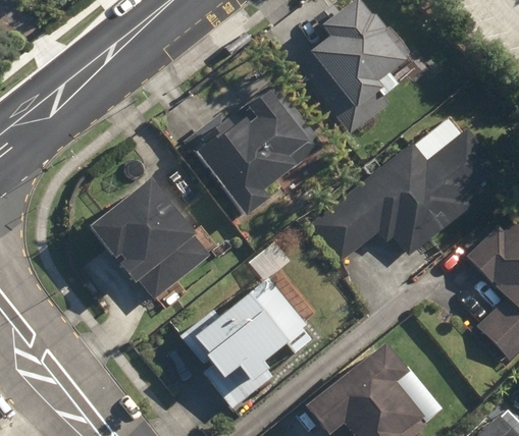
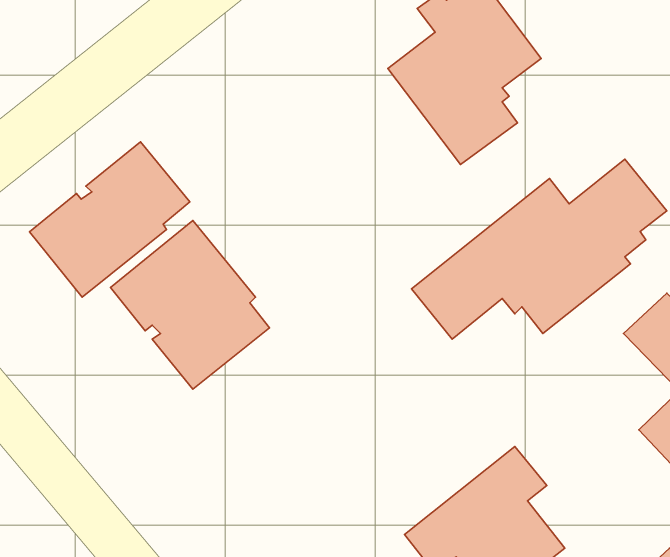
building: [184,84,323,219] -> none
building: none -> [29,142,190,297]
building: [183,277,307,407] -> none

